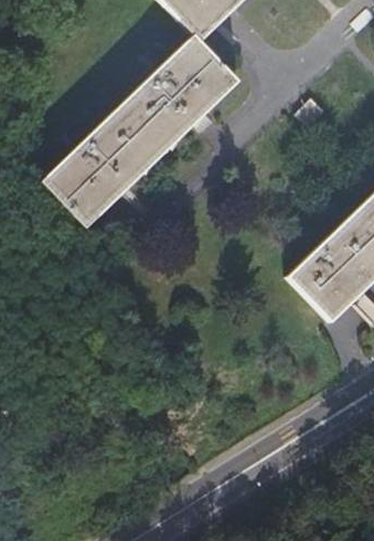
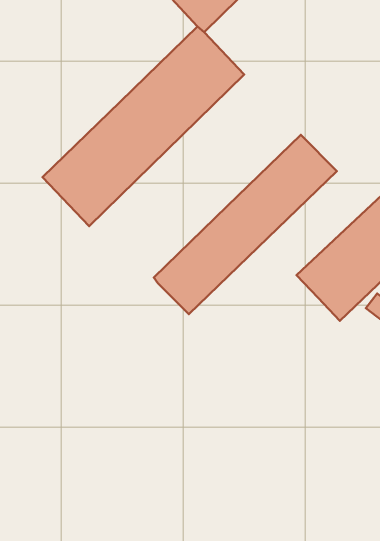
building: none -> [154,135,337,314]

